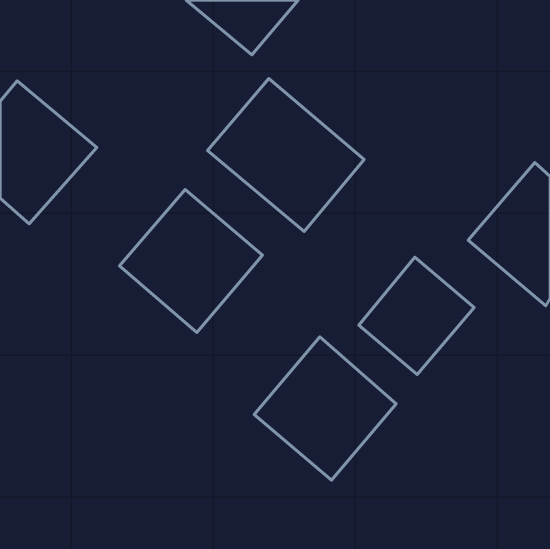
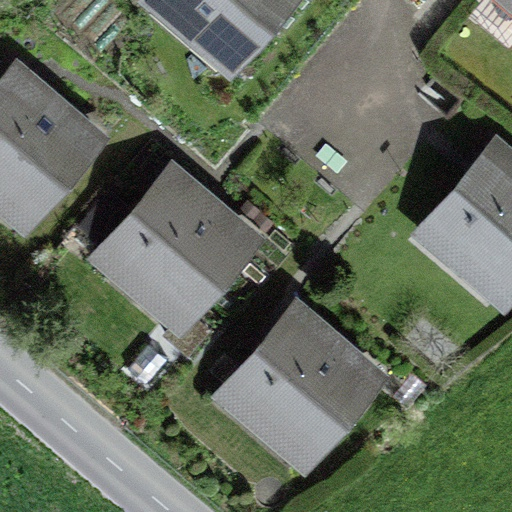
building: [208,78,364,232] -> none
building: [359,257,474,375] -> none

